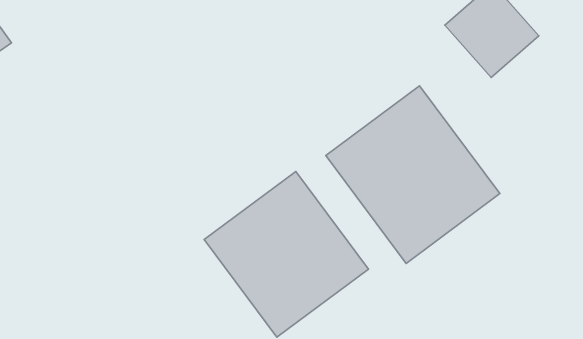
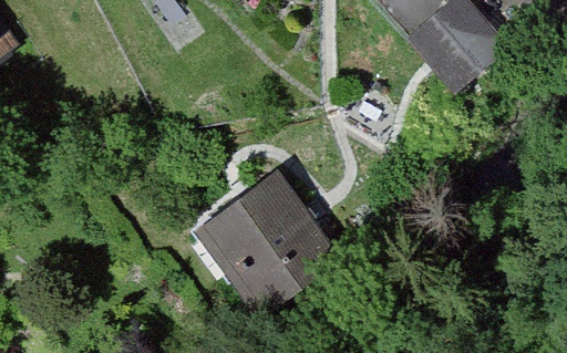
building: [326,86,500,263] -> none

